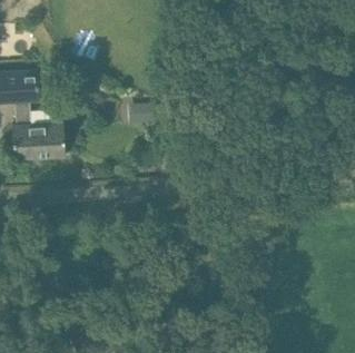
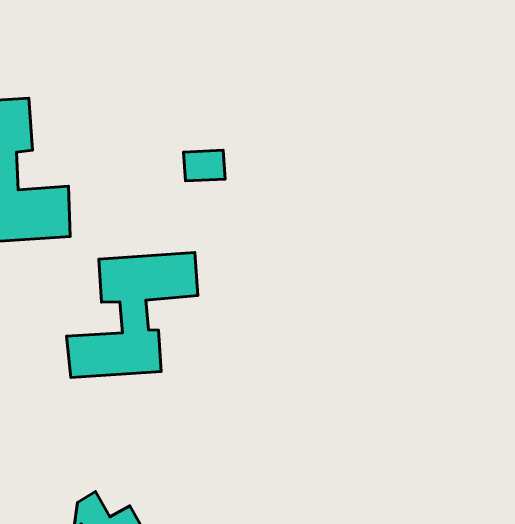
building: none -> [66,253,198,378]

